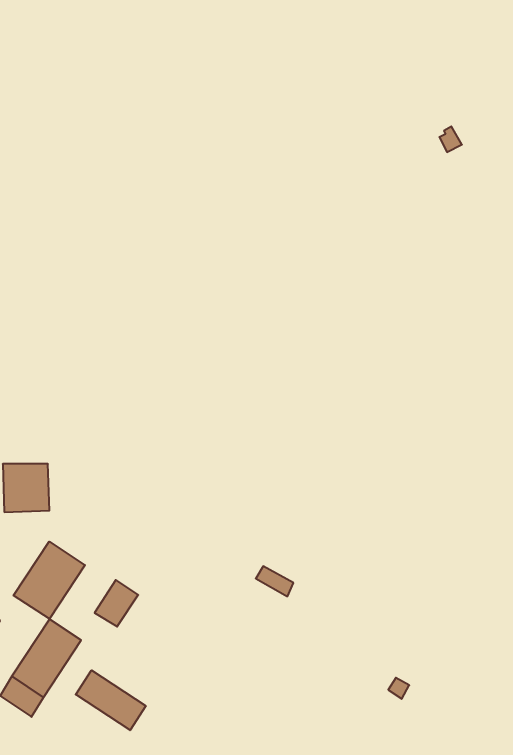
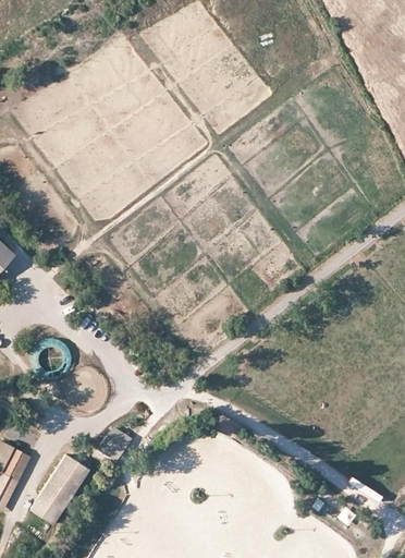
building: [14,542,85,619] -> none
building: [76,670,146,730] -> none

